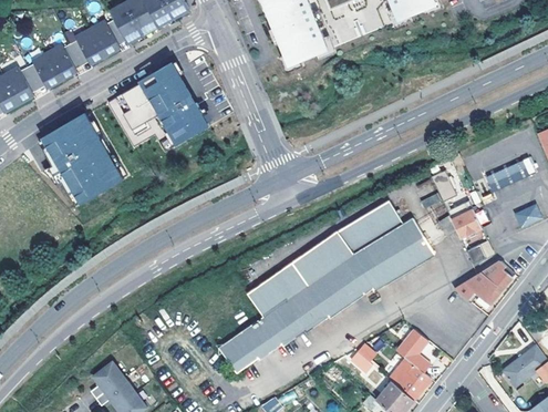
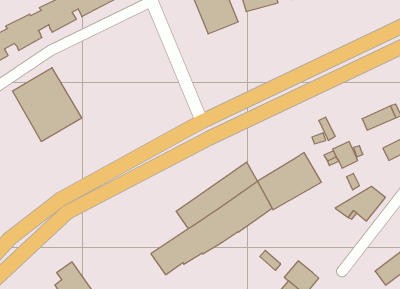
building: [107,61,213,152] -> none
building: [338,200,401,255] -> none
building: [395,329,428,372] -> none

